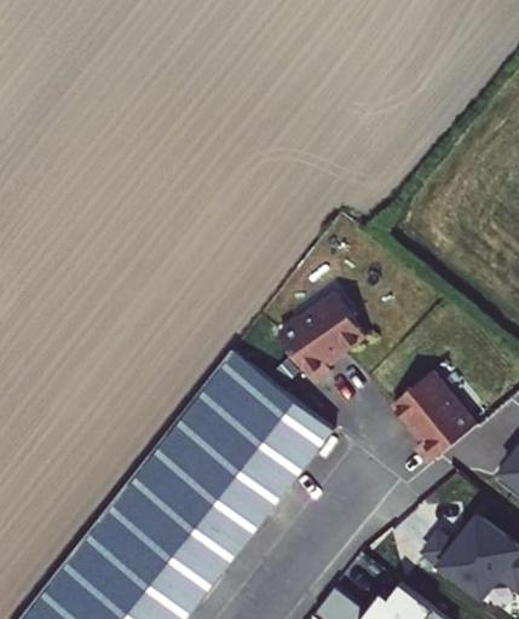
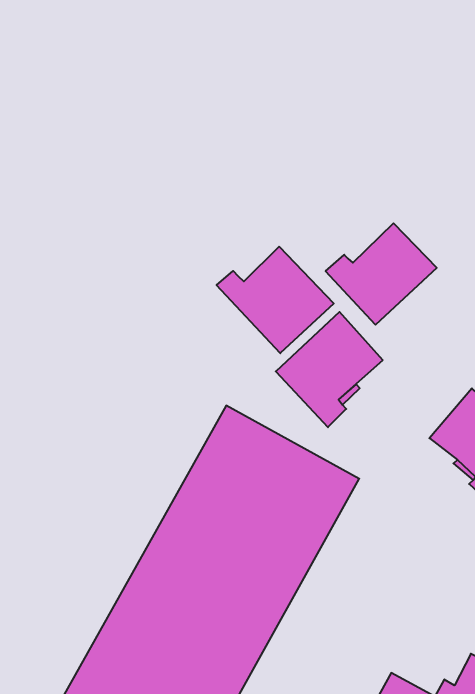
building: none -> [326,223,437,325]
building: none -> [217,247,334,353]

